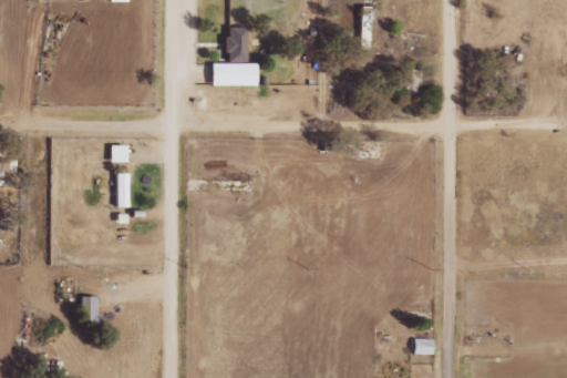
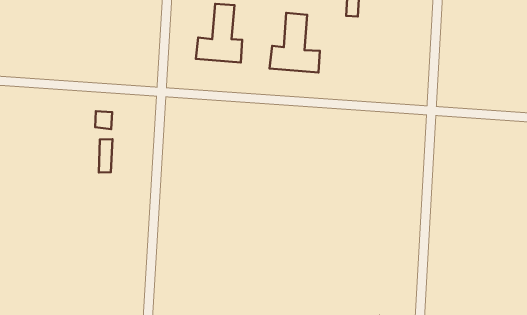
building: none -> [270,13,320,72]

